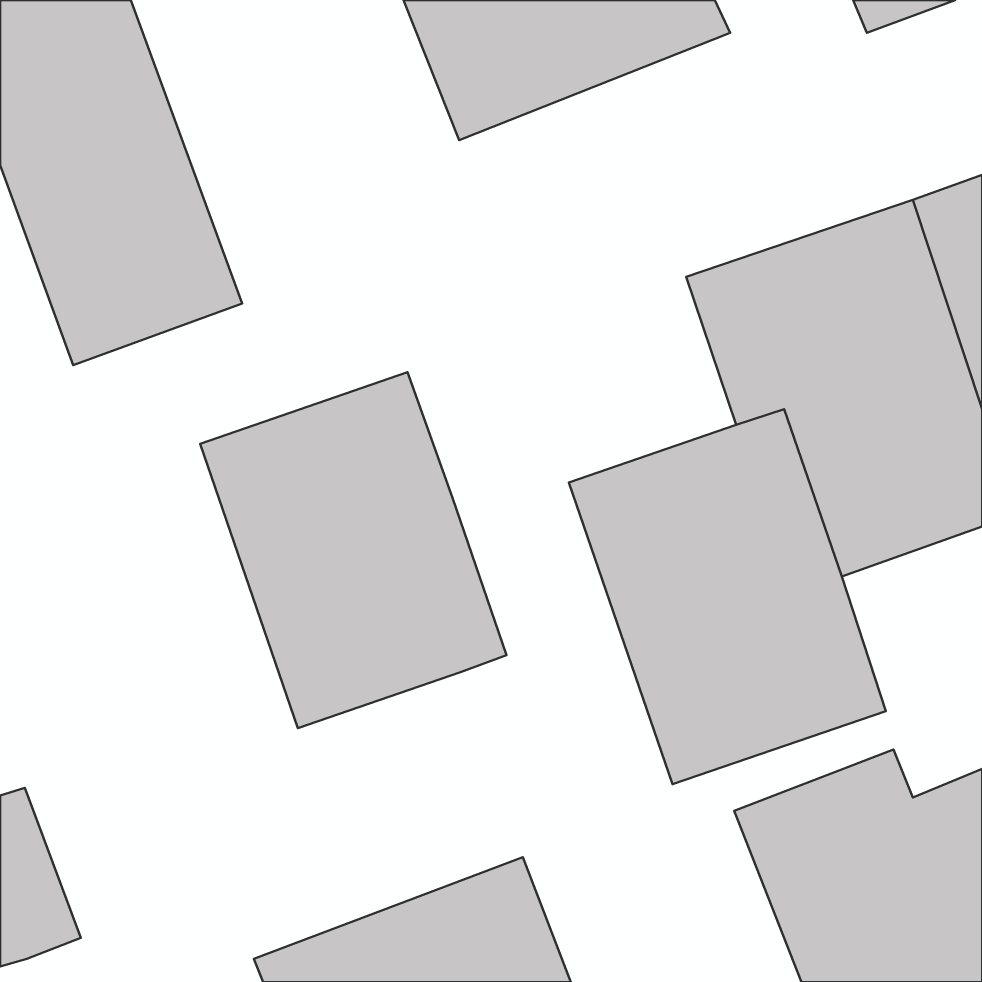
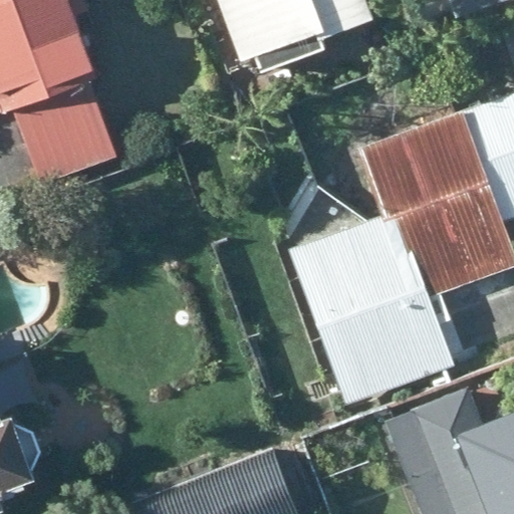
building: [200,372,507,728] -> none

